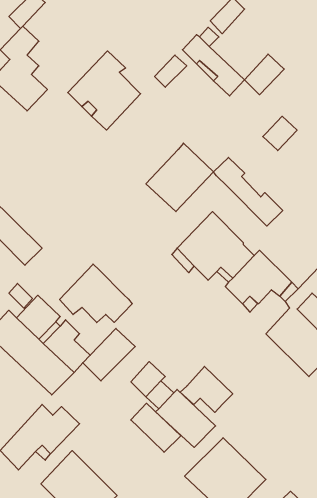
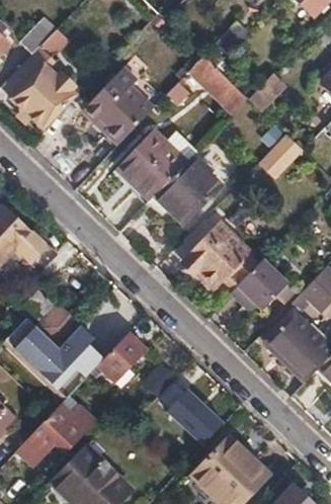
building: none -> [117,131,186,198]
building: [213,157,283,226] -> none
building: [60,264,132,323] -> none
building: [180,366,233,412] -> none
building: [131,403,181,452] -> none

